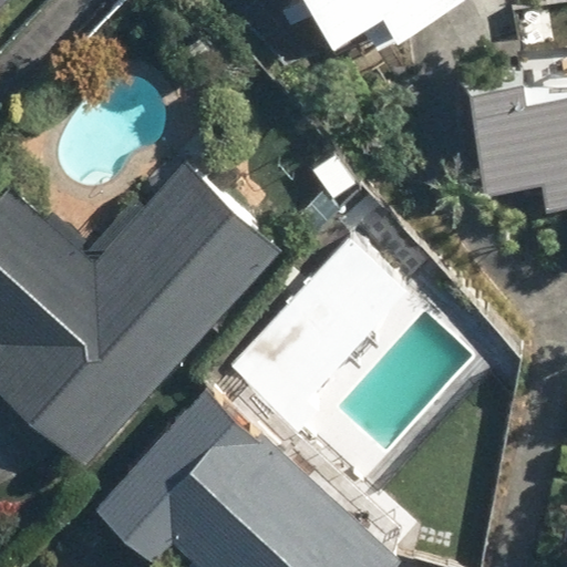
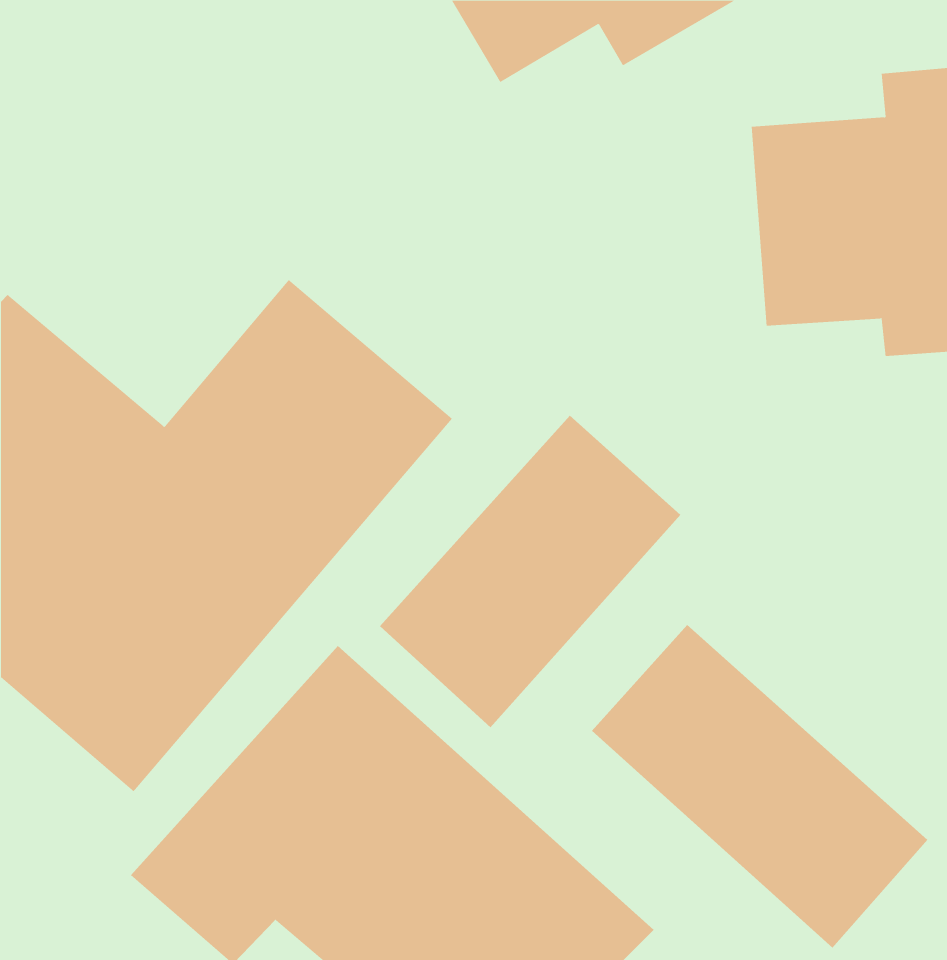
building: none -> [591,624,928,948]

